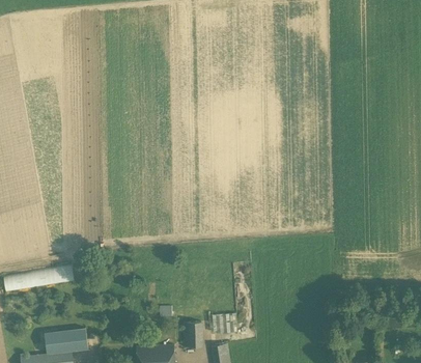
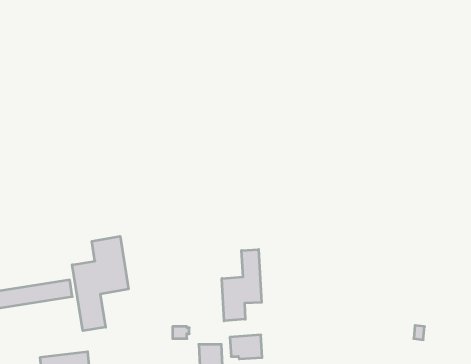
building: none -> [72,236,128,331]
building: none -> [222,249,262,321]

